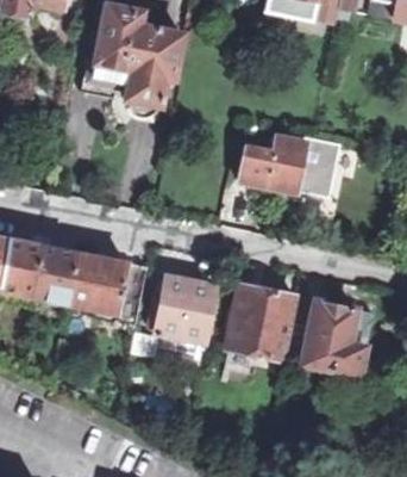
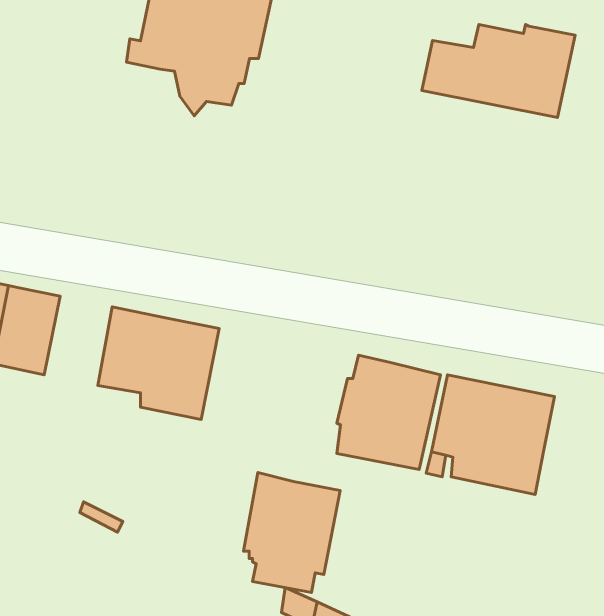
building: [243,135,345,197] -> [422,24,575,117]
building: [32,246,77,305] -> none
building: [152,275,217,355] -> [244,473,340,592]

